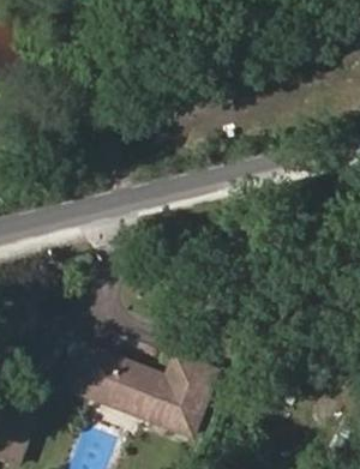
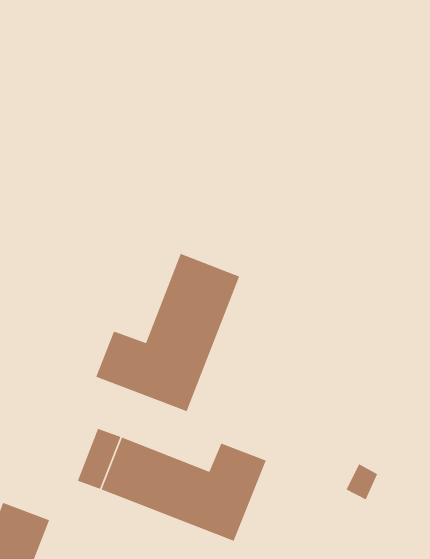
building: none -> [95,253,240,412]

